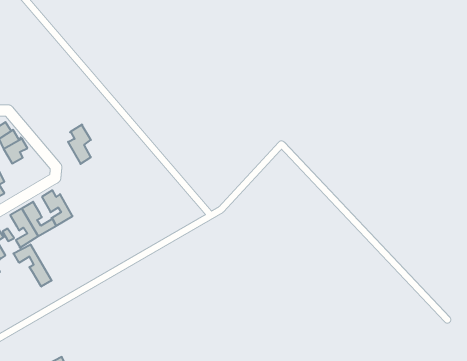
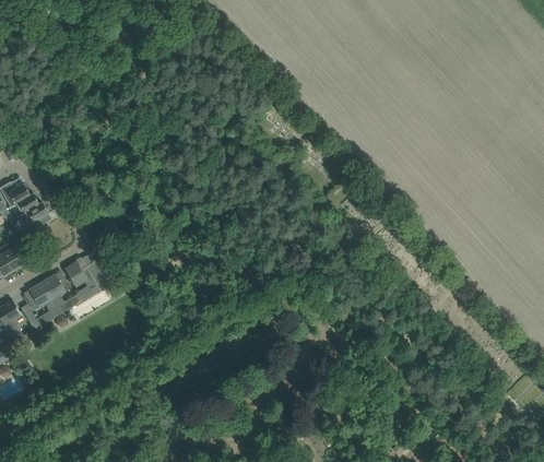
building: [68,125,91,164] -> [78,250,104,295]
building: [13,244,52,287] -> none

